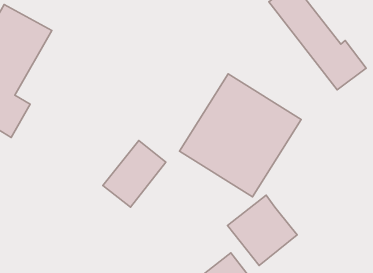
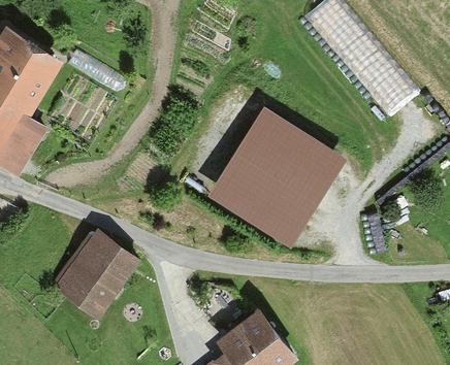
building: [103,141,166,207] -> [61,241,133,318]
building: [227,195,297,266] -> none

